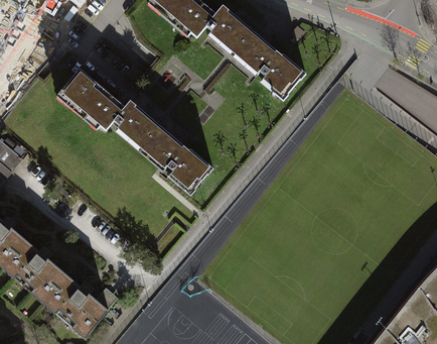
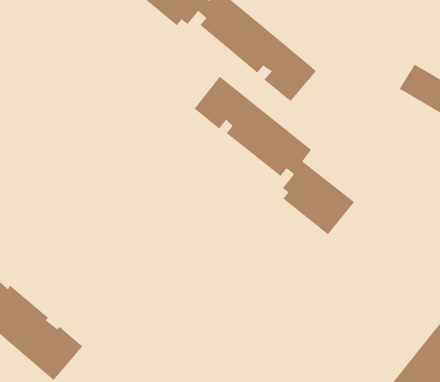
building: [55,70,215,195] -> none
building: none -> [194,76,355,235]

